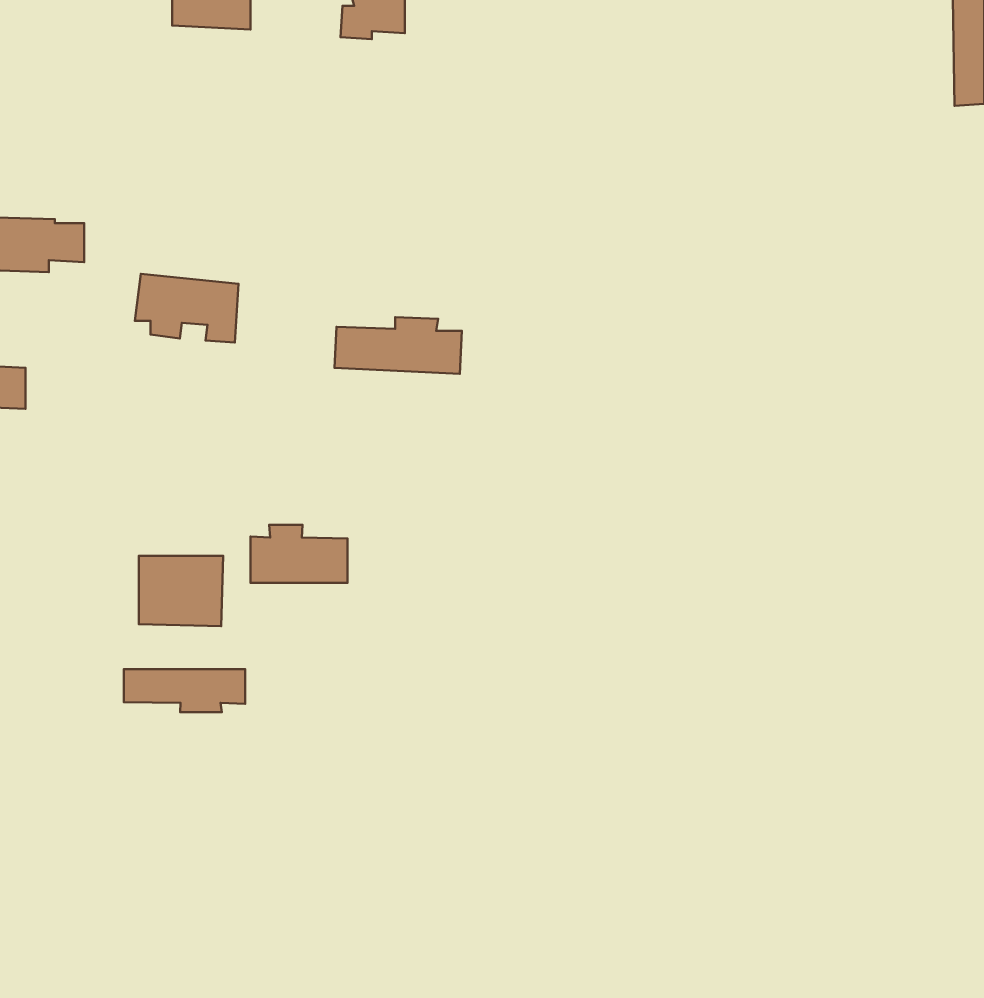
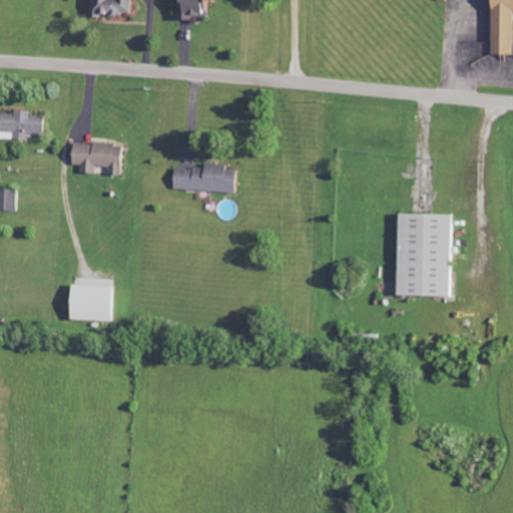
building: none -> [397,212,452,296]
building: [250,525,347,583] -> none
building: [124,669,245,712] -> none

